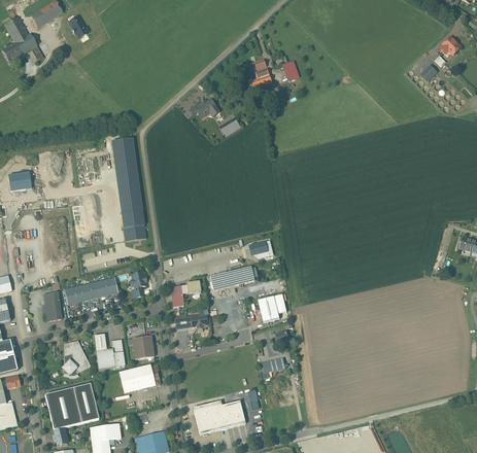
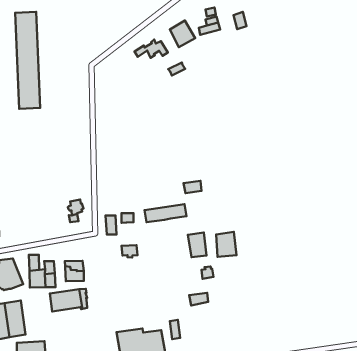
building: none -> [170,21,195,47]
building: [111,138,146,241] -> [15,12,40,109]
building: [64,277,117,305] -> none
building: none -> [216,232,237,257]

